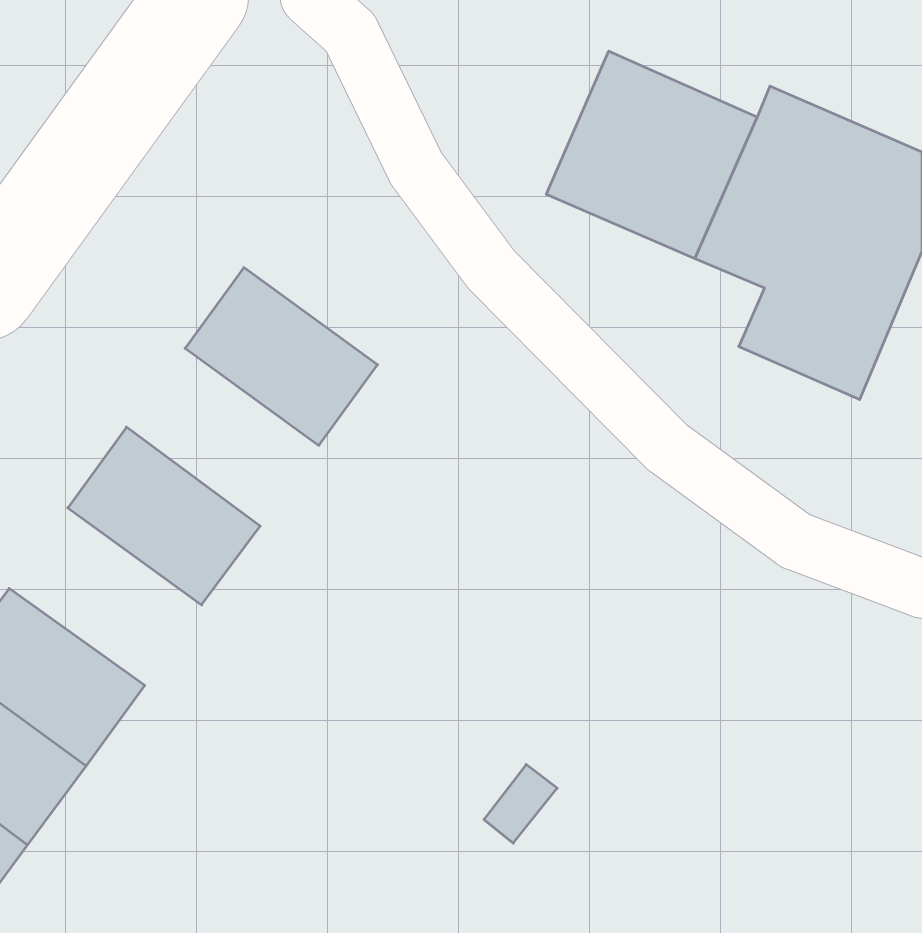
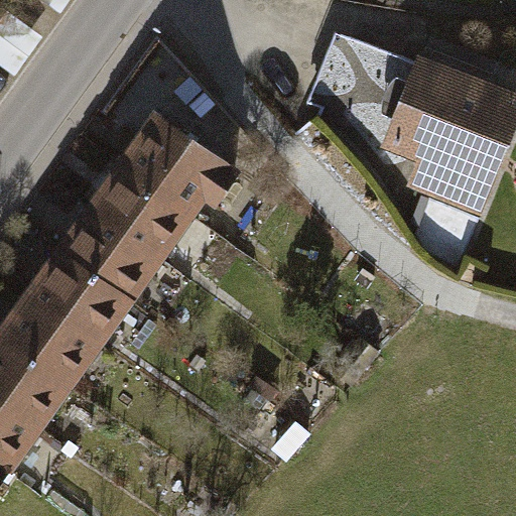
building: none -> [134,103,240,201]
building: none -> [70,191,175,289]
building: none -> [5,279,111,377]

